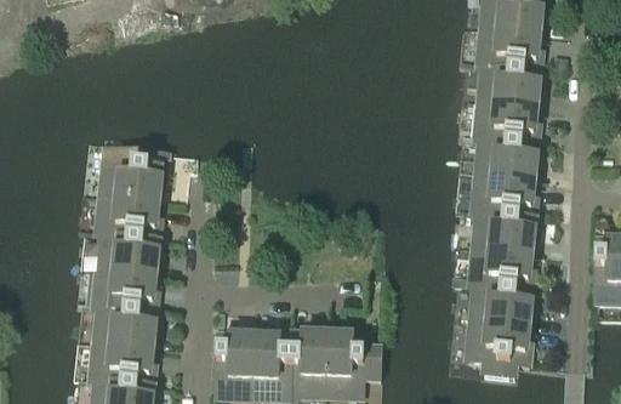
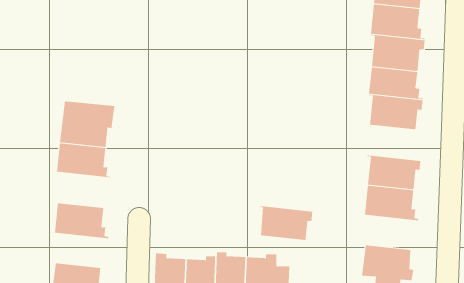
building: [475,175,542,218] -> none
building: [99,232,166,275] -> none
building: [473,284,539,326] -> [259,205,313,240]
building: [97,306,164,348] -> none

